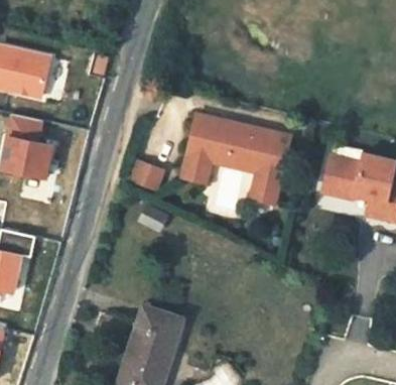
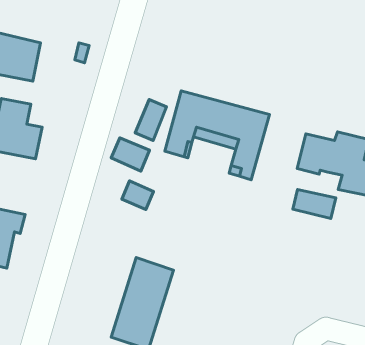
building: none -> [135,100,166,141]
building: none -> [293,189,336,218]

